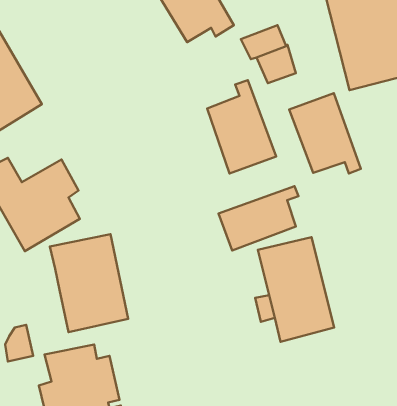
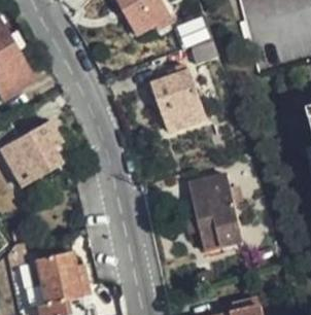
building: [289,93,361,173] -> none
building: [219,186,298,250] -> none
building: [50,234,128,332] -> none

